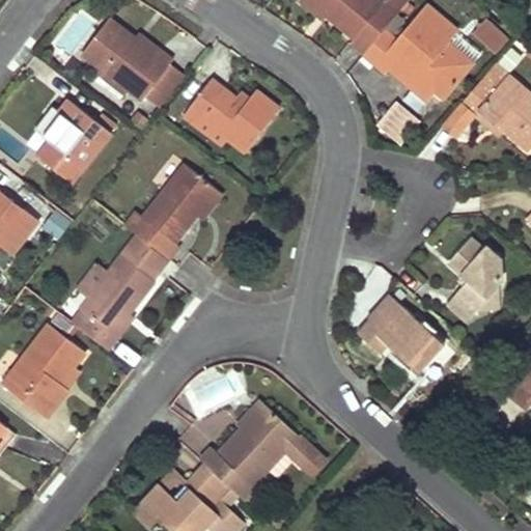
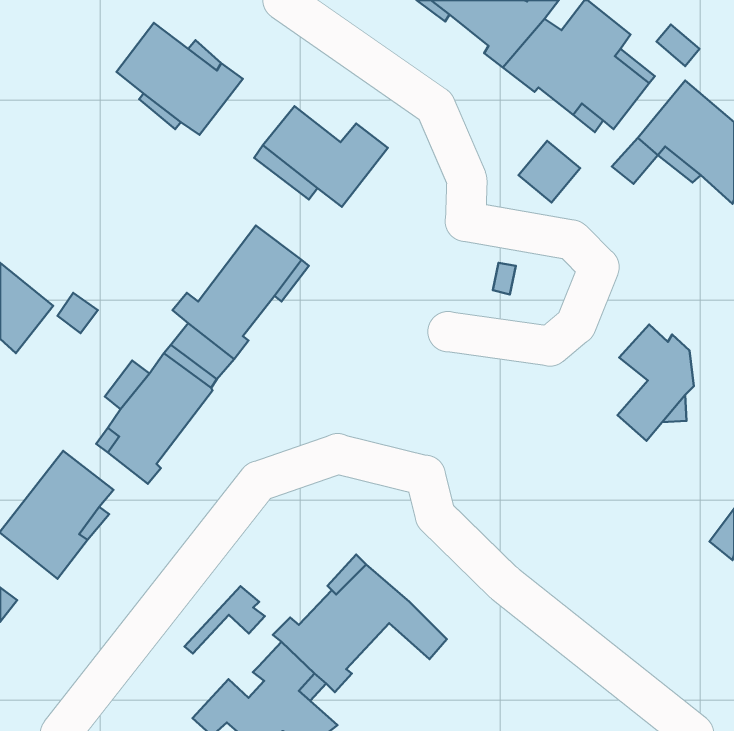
building: [38,102,115,186] -> none
building: [358,294,445,371] -> none
building: [133,472,191,521] -> [184,586,265,654]

